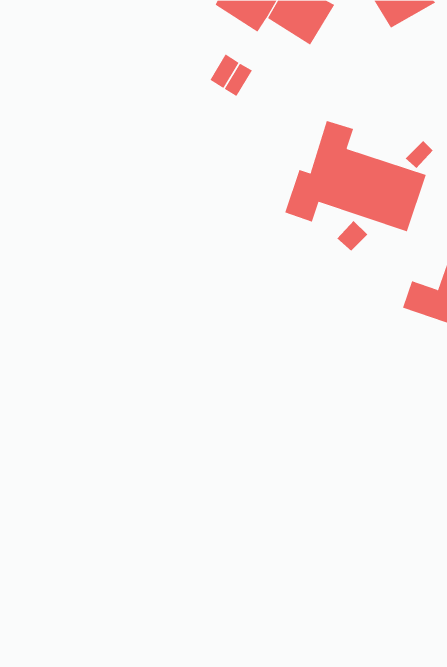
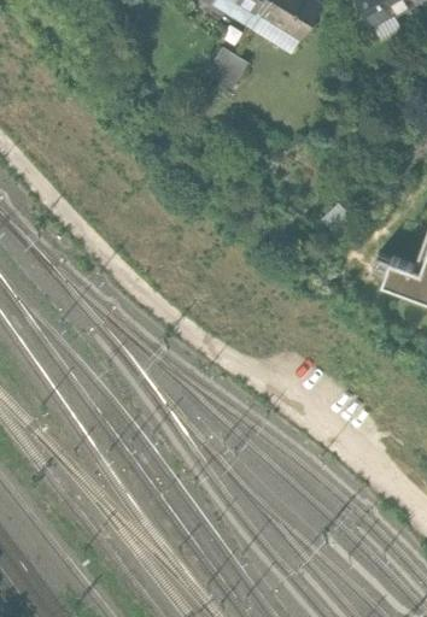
building: [284,120,427,232] -> none

